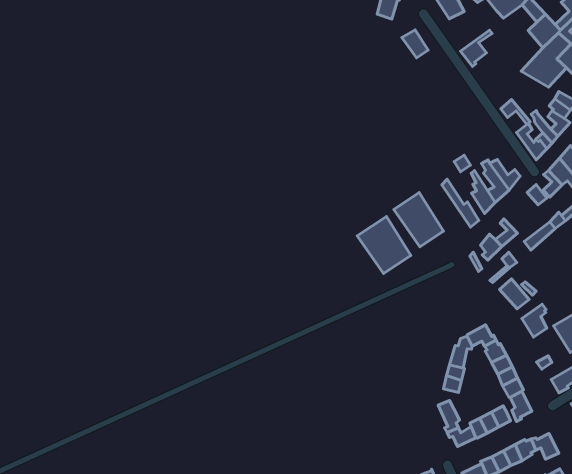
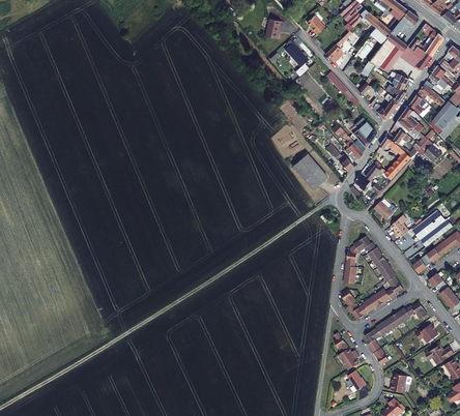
building: [357,216,411,274] -> none

